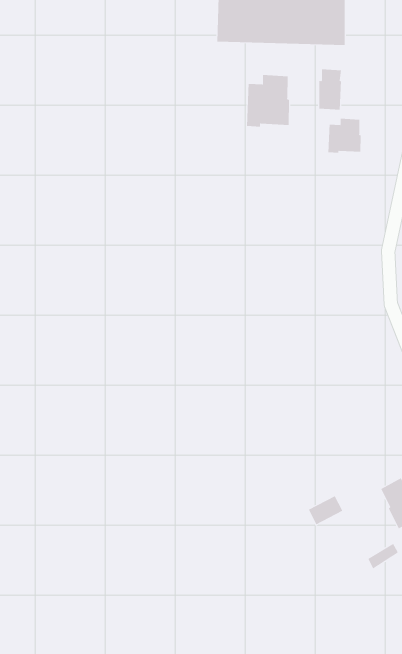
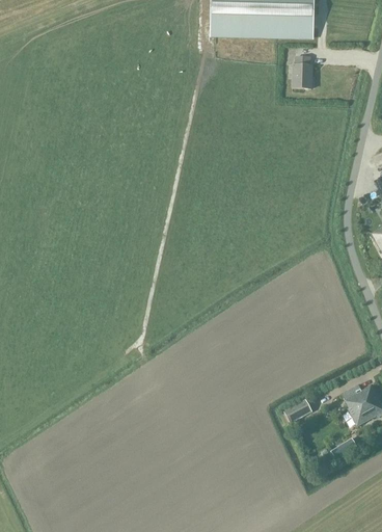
building: [246,74,290,127] -> none
building: [328,118,361,154] -> none

